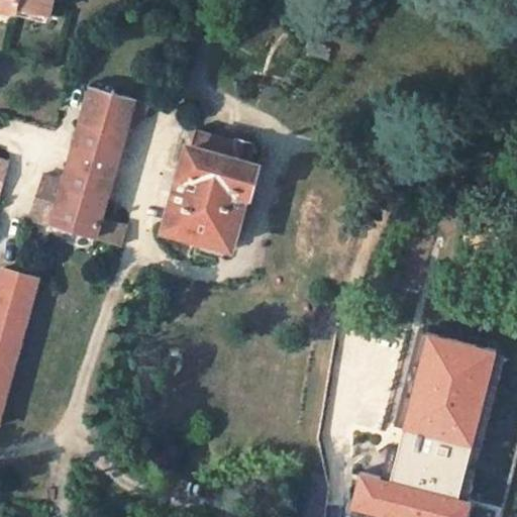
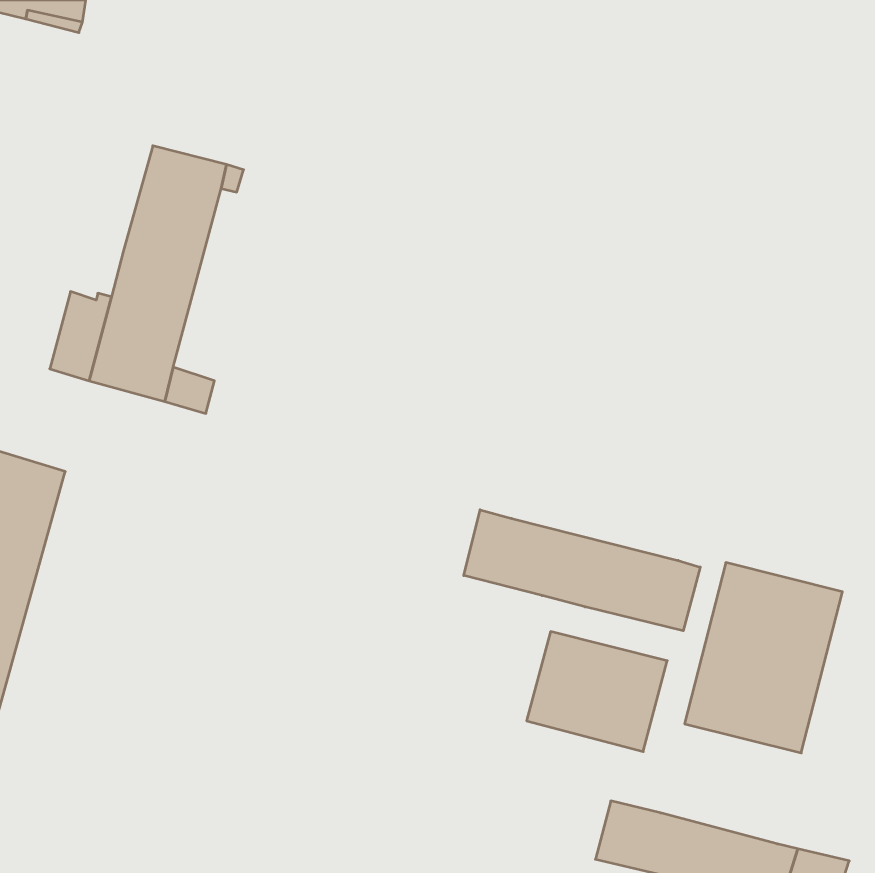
building: [165,130,257,252] -> none
building: none -> [464,510,700,631]
building: [389,428,472,499] -> [527,632,667,752]

